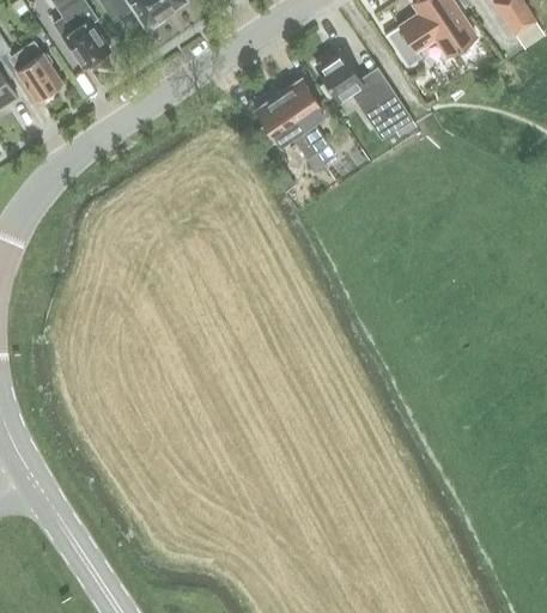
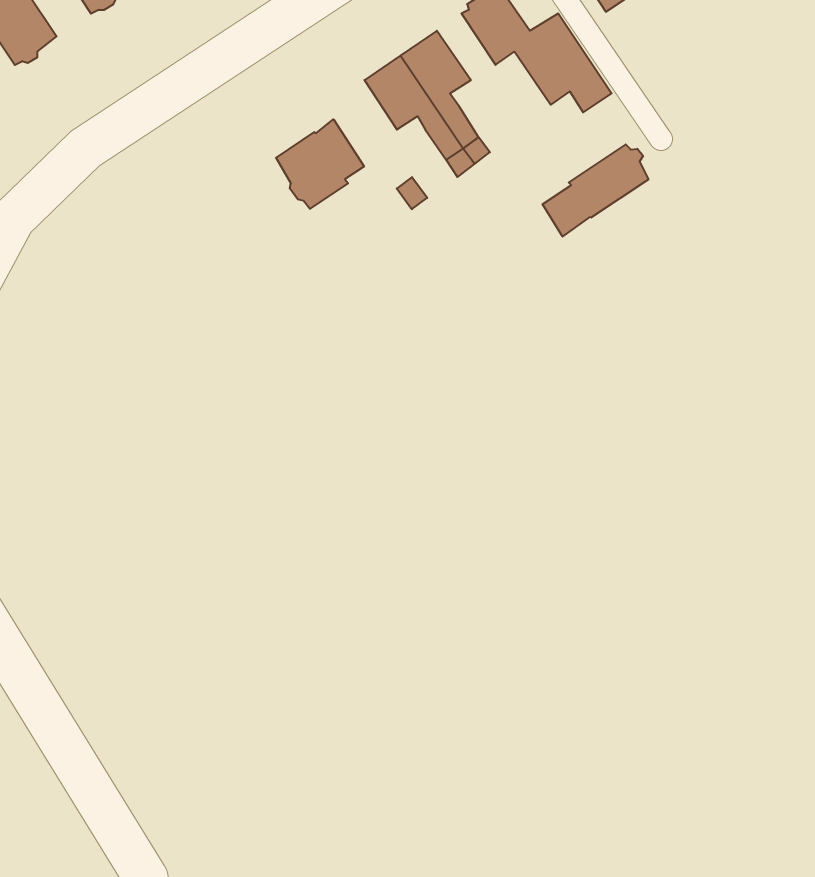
building: none -> [276,119,364,209]
building: none -> [543,144,648,237]

